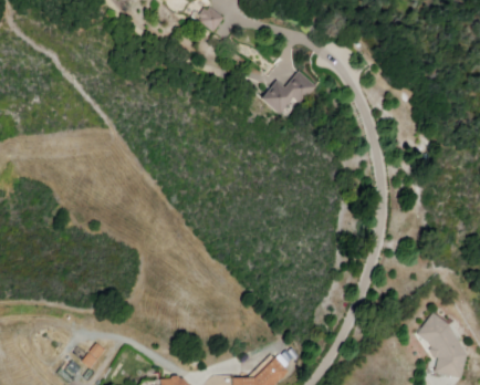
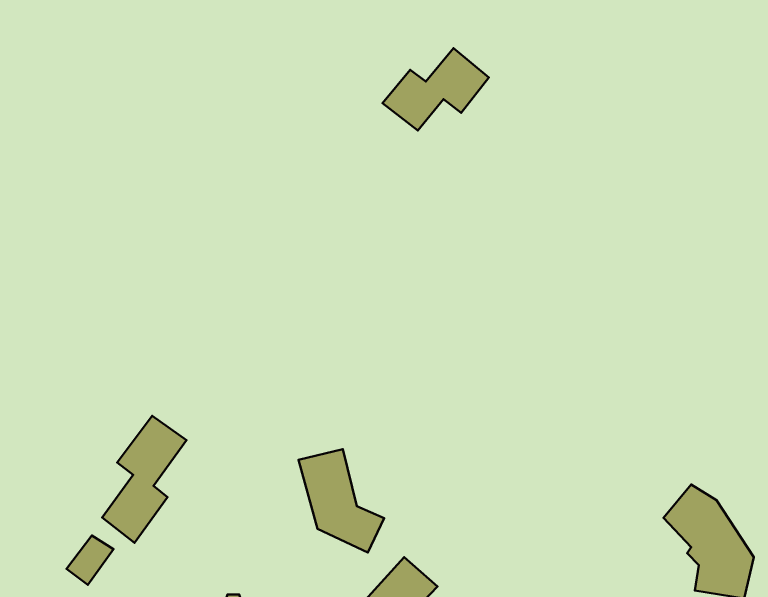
building: none -> [102,416,186,543]
building: none -> [298,449,384,553]

